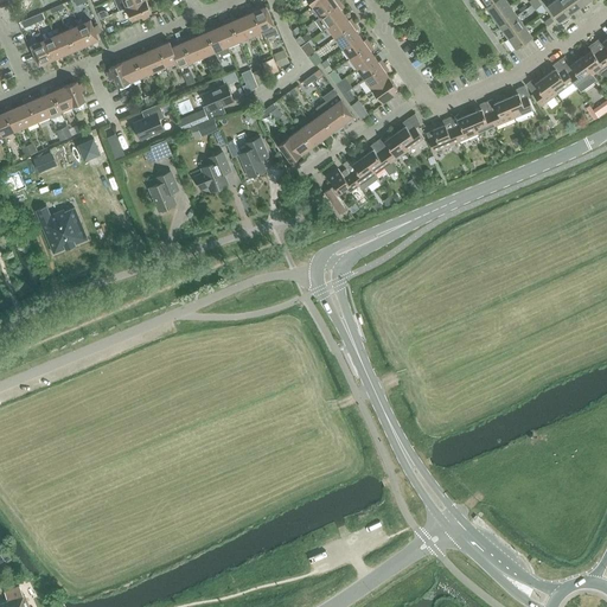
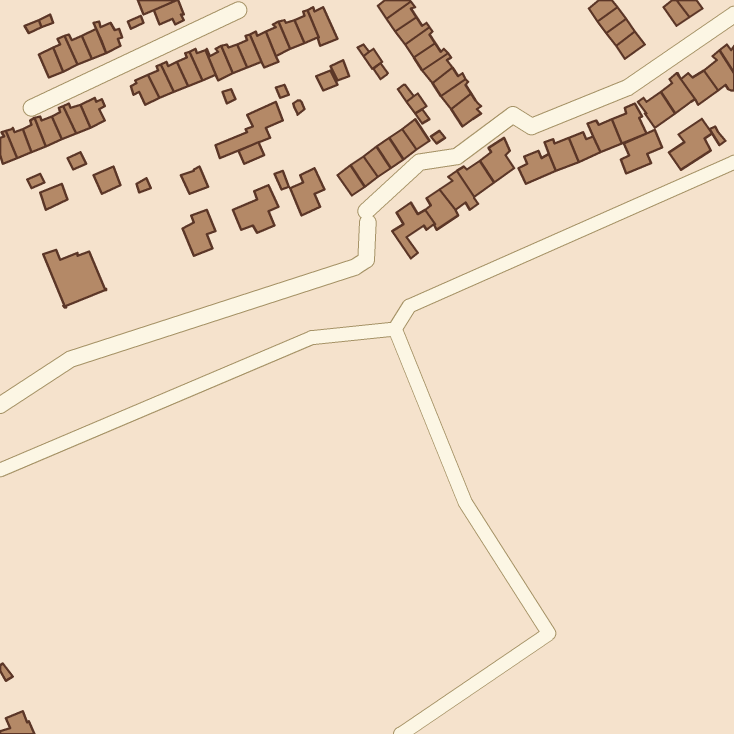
building: none -> [669,119,712,170]
building: [134,104,165,139] -> none
building: none -> [621,130,662,173]

